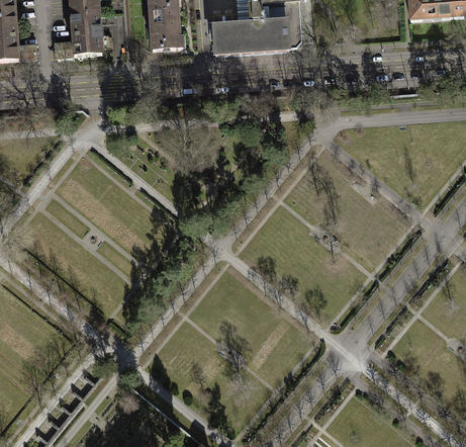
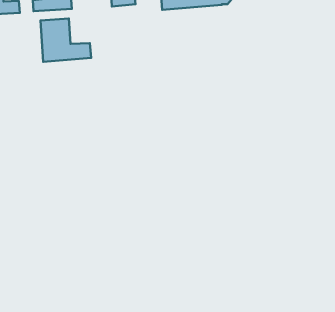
building: none -> [40,19,91,62]

